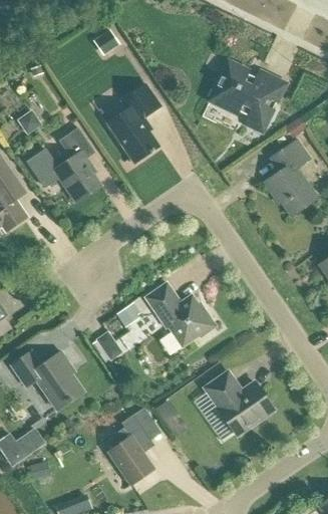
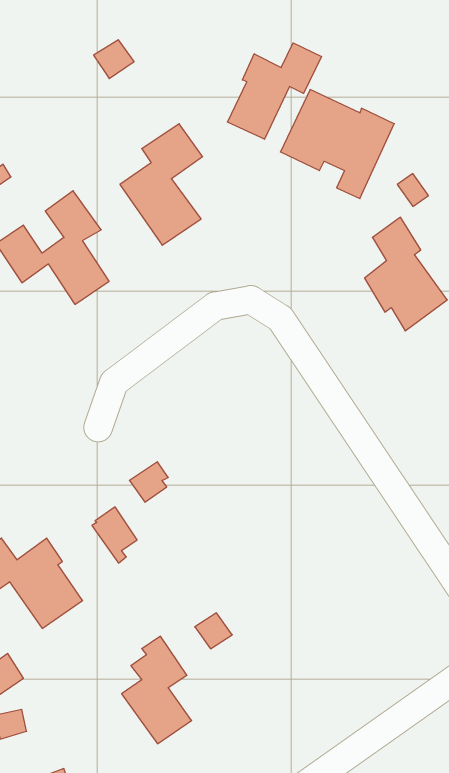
building: none -> [228,43,321,139]
building: [145,282,216,345] -> none
building: [194,370,274,439] -> none

